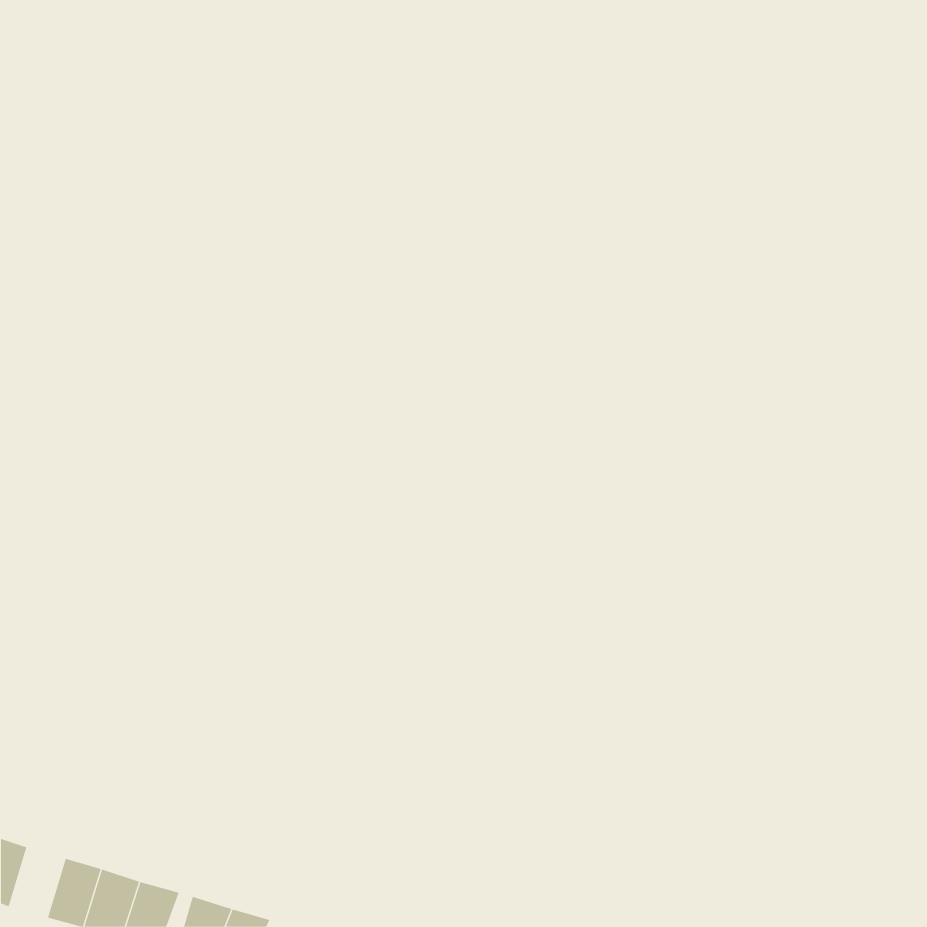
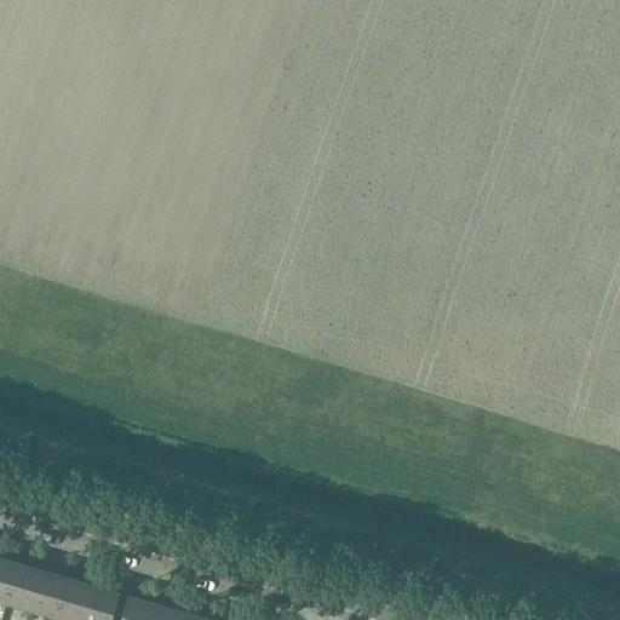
building: none -> [6,566,44,613]

